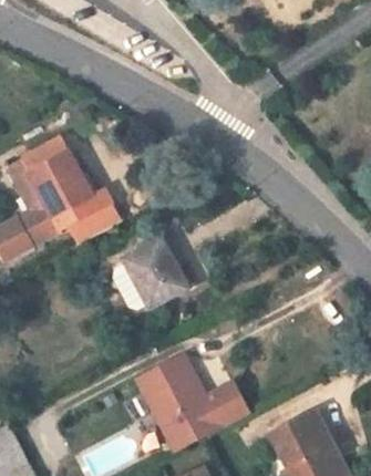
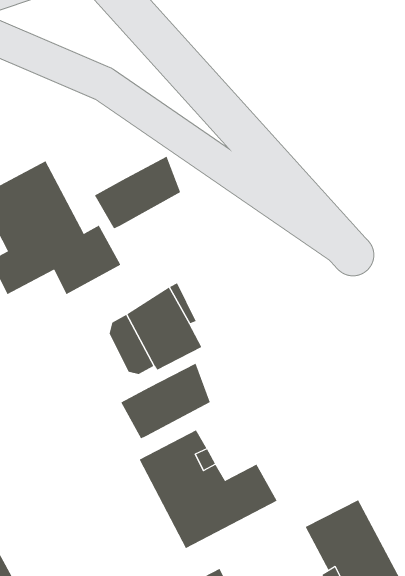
building: none -> [94,156,181,229]
building: none -> [120,363,211,439]

